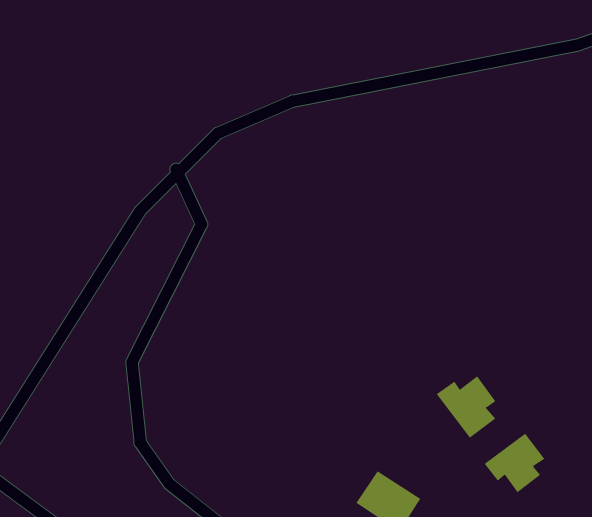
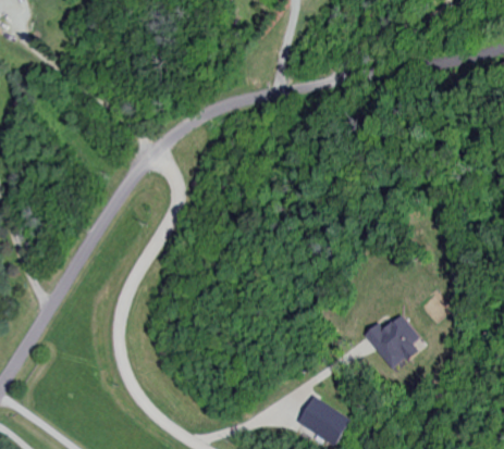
building: [484,433,545,493] -> none

